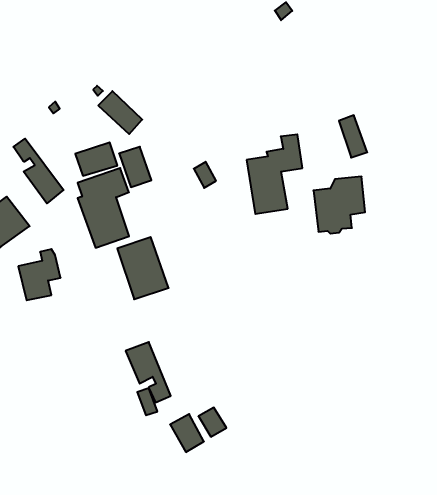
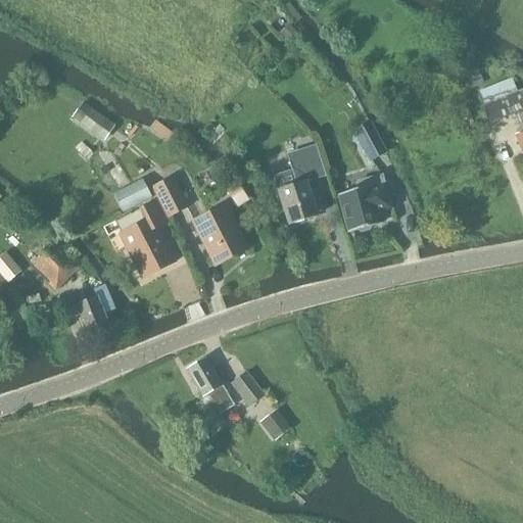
building: [98,91,142,134] -> [72,100,114,138]
building: [13,139,64,203] -> none
building: [117,237,169,299] -> [194,204,247,265]
building: [170,414,204,452] -> [230,371,264,407]

